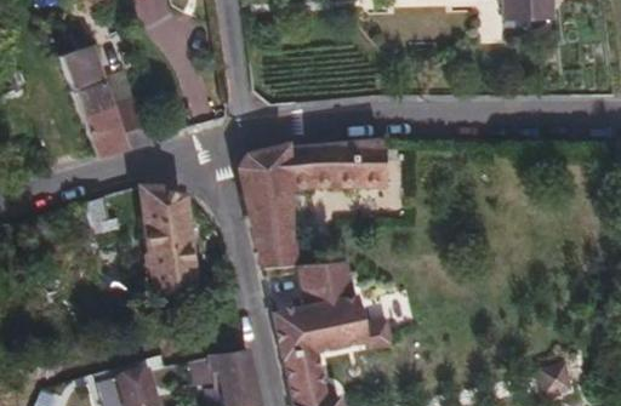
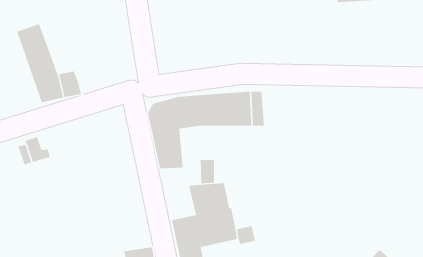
building: [139,189,195,288] -> none

